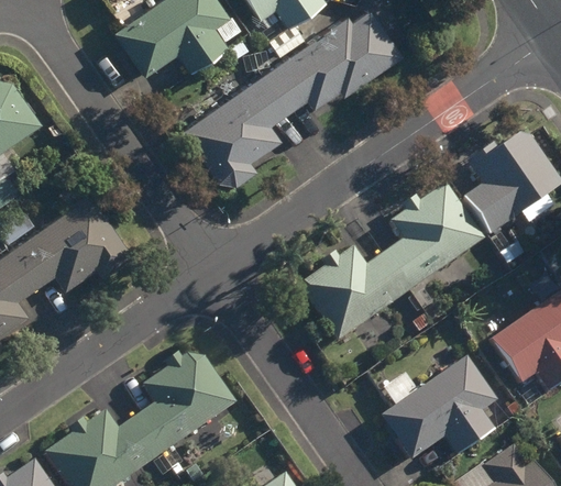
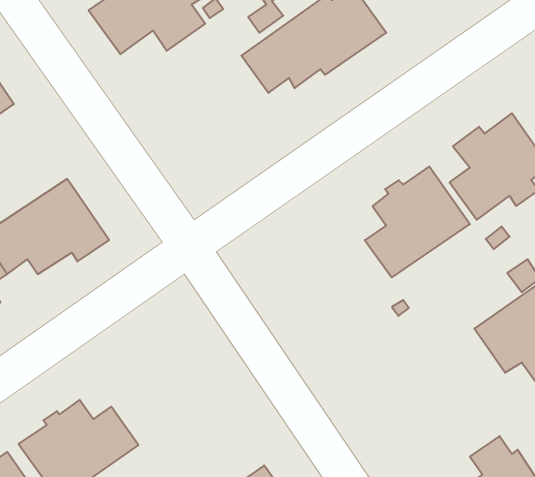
building: [184,76,289,185] -> none
building: [299,250,409,341] -> none
building: [136,352,237,454] -> none
building: [382,358,503,460] -> none

